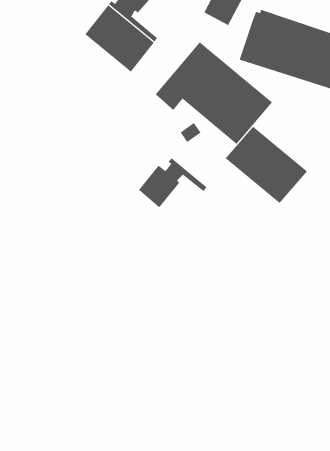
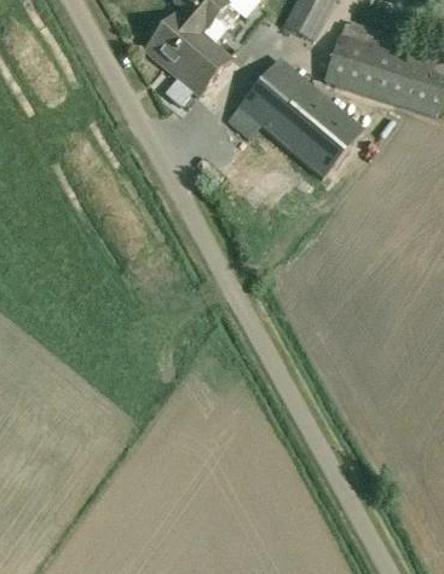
building: [225,126,308,204] -> none
building: [138,158,207,208] -> none

